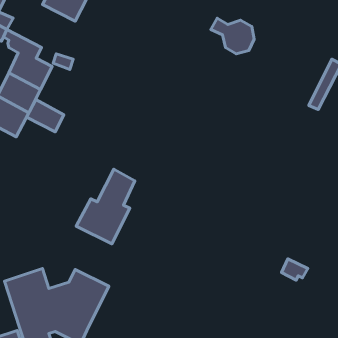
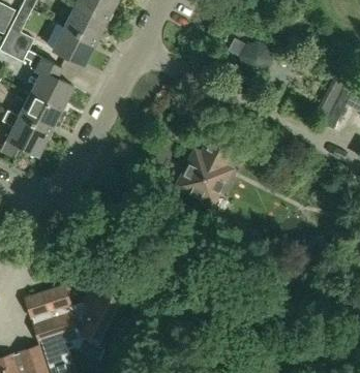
building: none -> [52,26,95,66]
building: [27,100,64,132] -> none
building: [76,169,135,244] -> [177,131,235,205]

